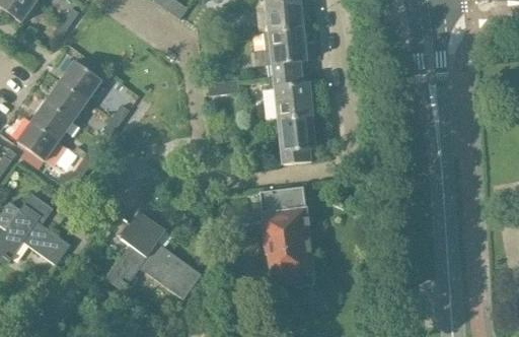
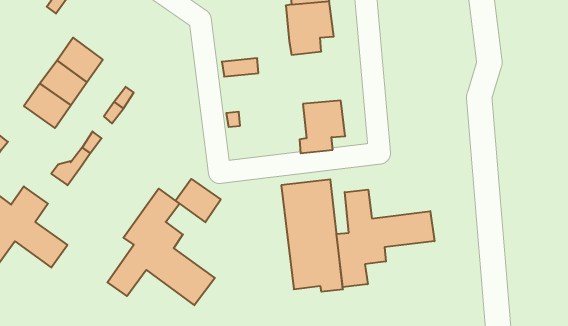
building: [269,72,312,119] -> none
building: [17,121,59,160] -> none
building: none -> [175,179,221,222]
building: none -> [337,190,434,287]

